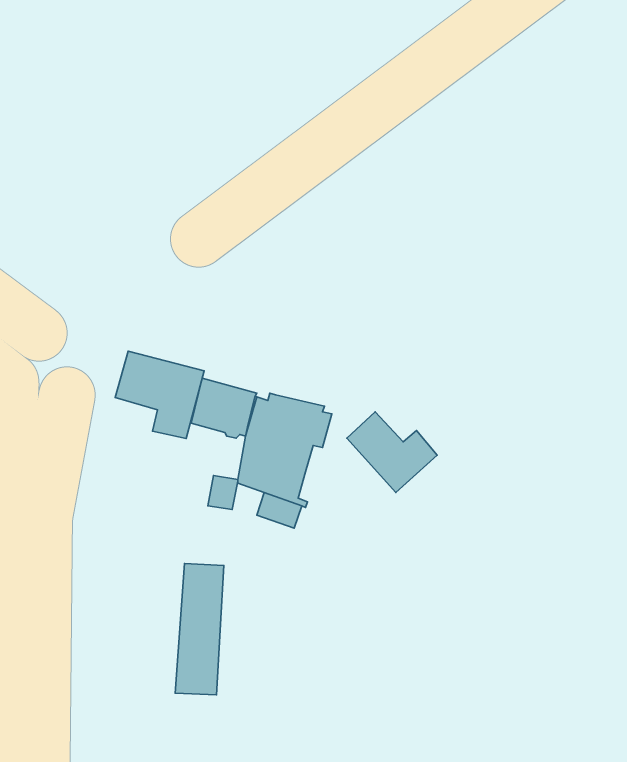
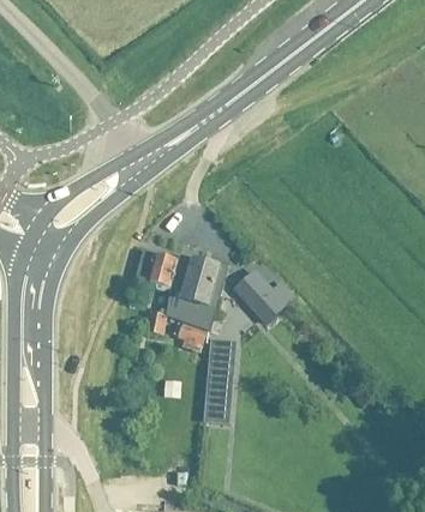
building: [115,351,204,439] -> none
building: [175,563,224,695] -> [203,342,234,426]

